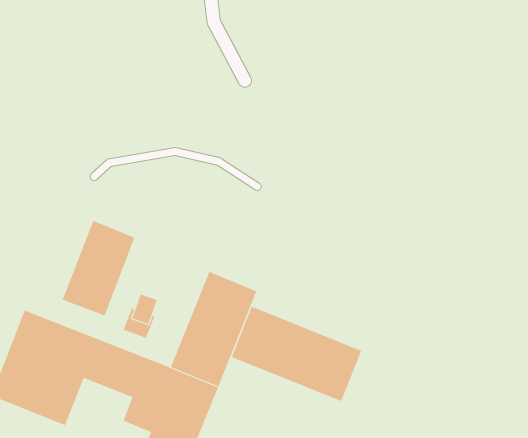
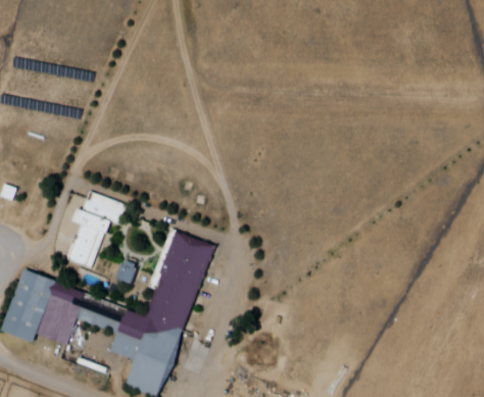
building: [231,306,362,402] -> none

